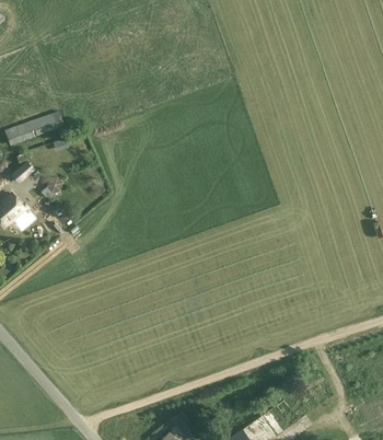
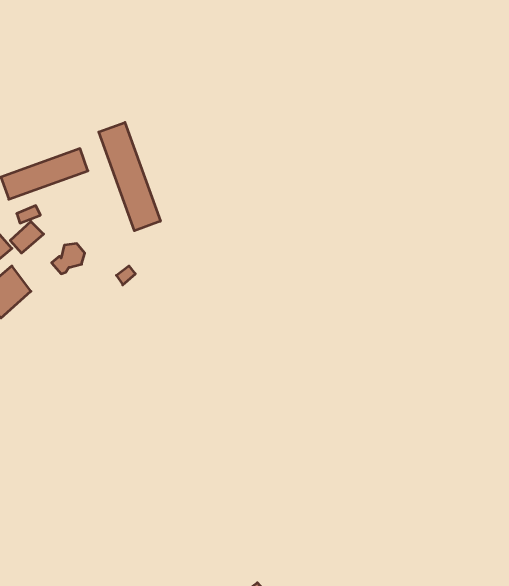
building: none -> [99,122,160,231]

